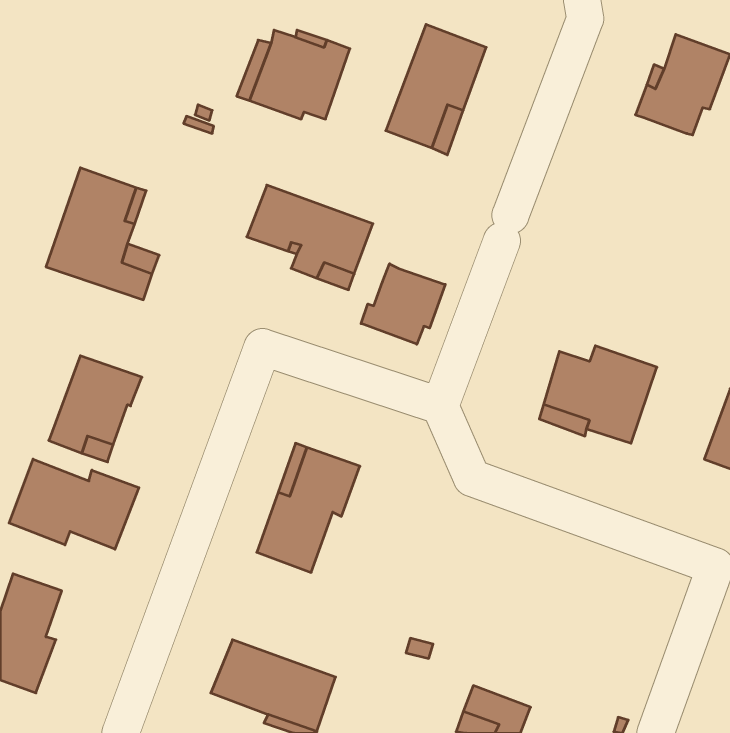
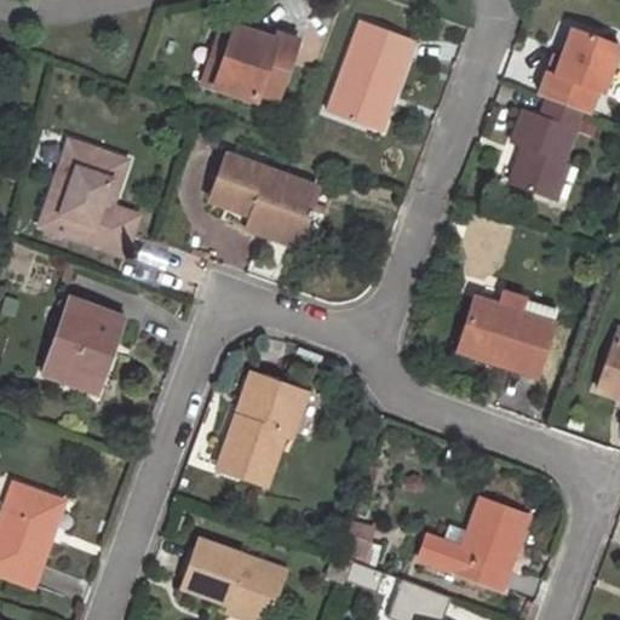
building: none -> [510,99,582,201]
building: [361,264,445,344] -> none
building: [9,459,139,549] -> none
building: none -> [420,499,528,587]

